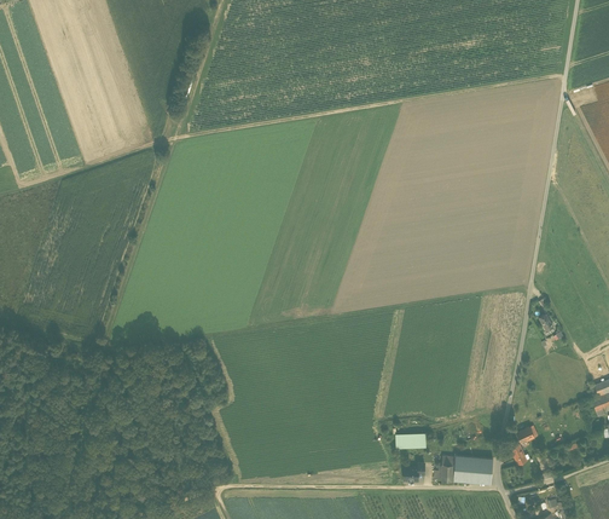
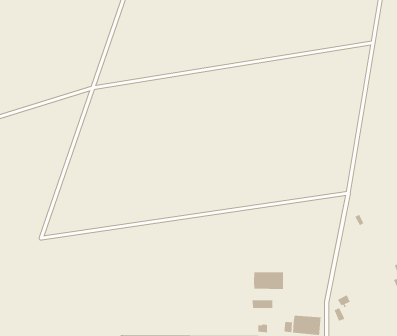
building: none -> [253,271,284,290]

